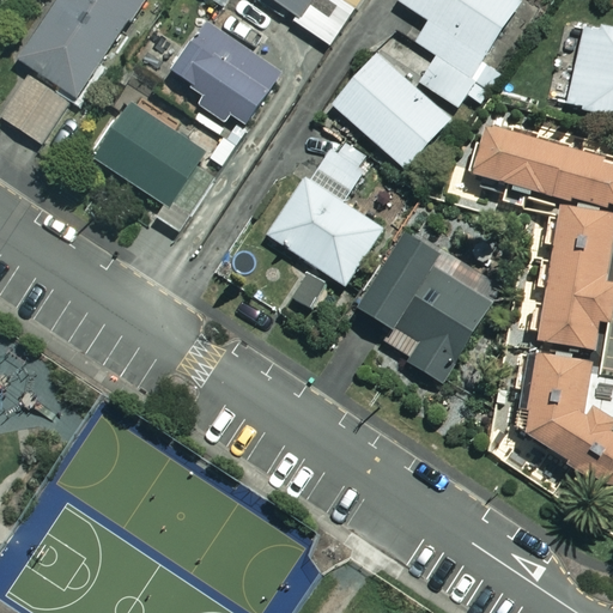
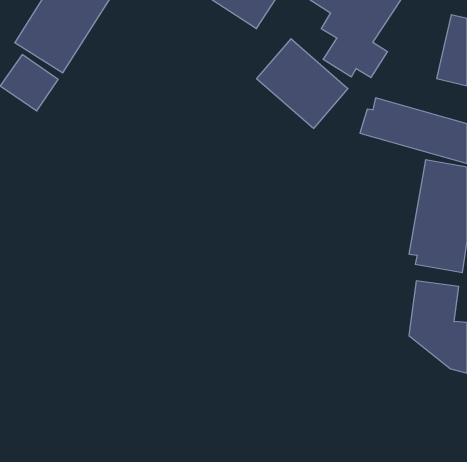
building: [170,17,280,132] -> none
building: [97,96,208,227] -> none
building: [268,142,383,283] -> none
building: [362,233,494,381] -> none

